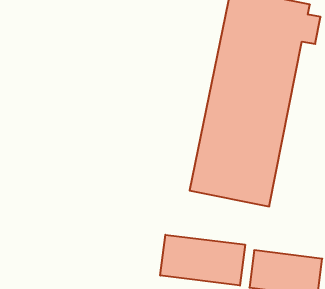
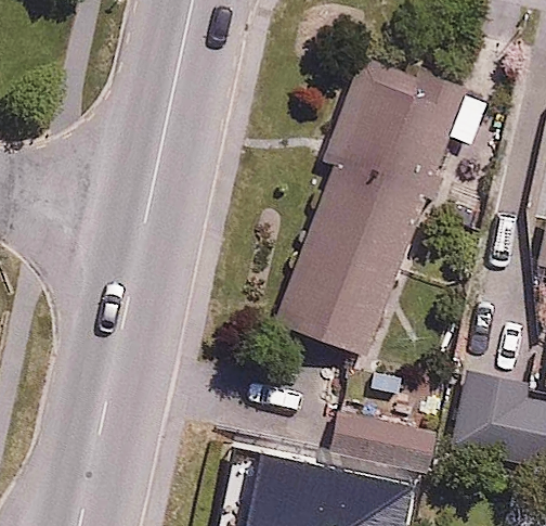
building: [160,235,245,286] -> none

